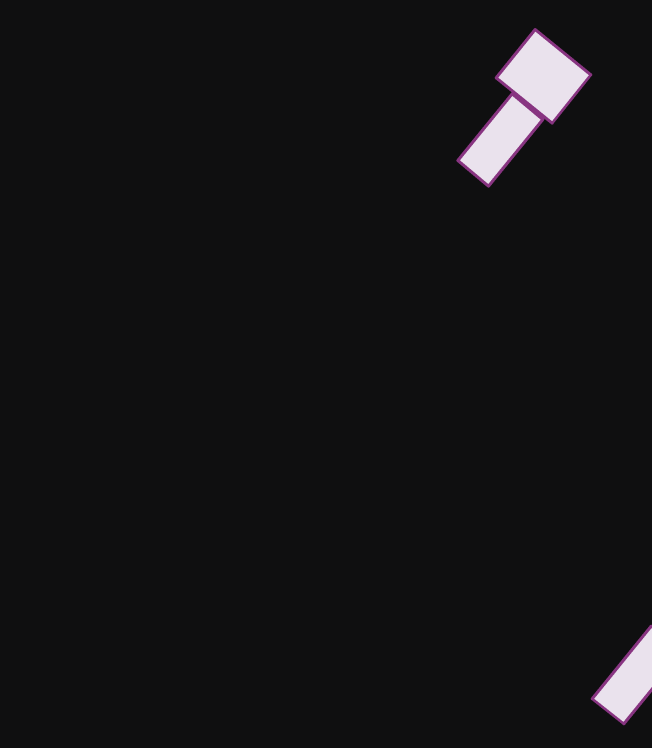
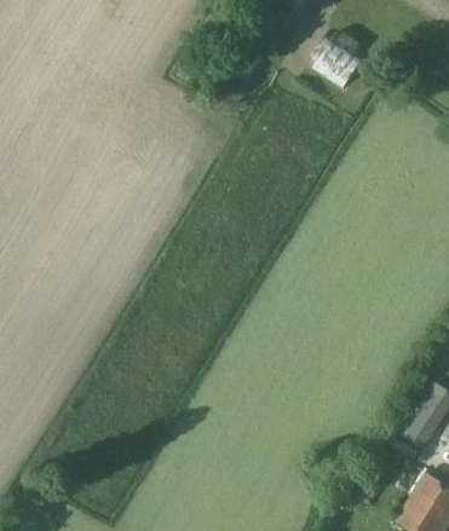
building: [458,94,543,186] -> none

